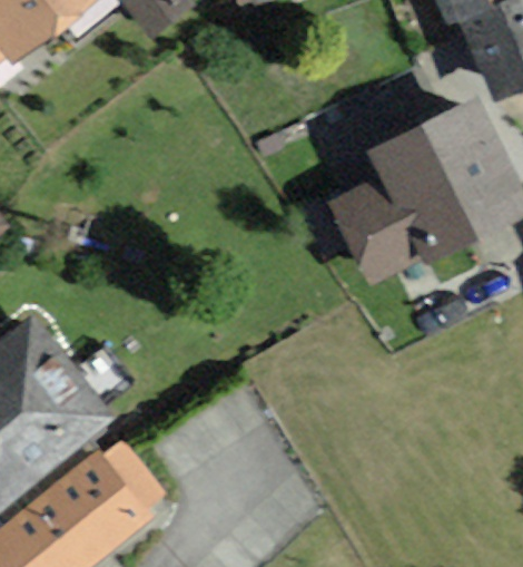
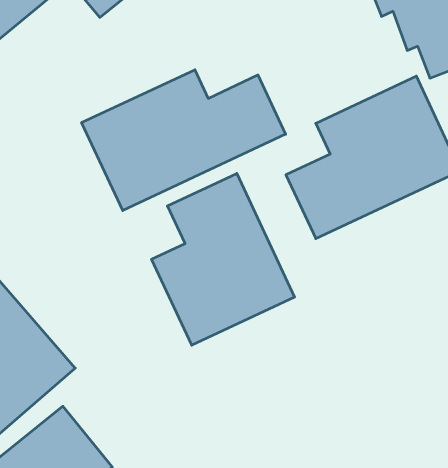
building: none -> [82,70,286,211]
building: none -> [152,173,295,345]

